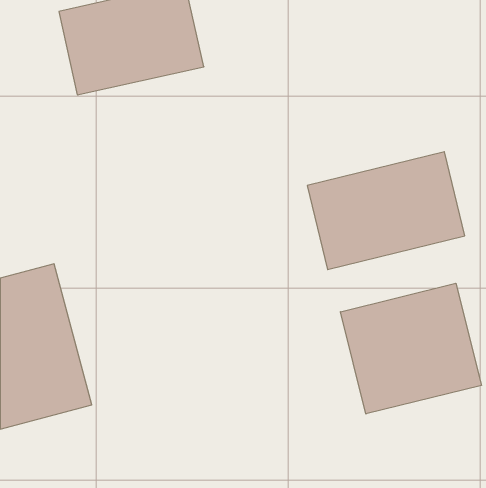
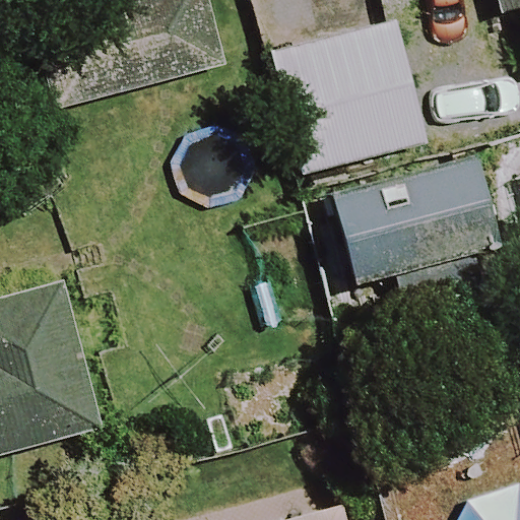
building: none -> [270,21,427,173]
building: [340,283,481,414] -> none

